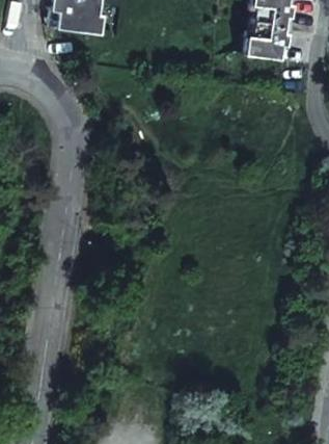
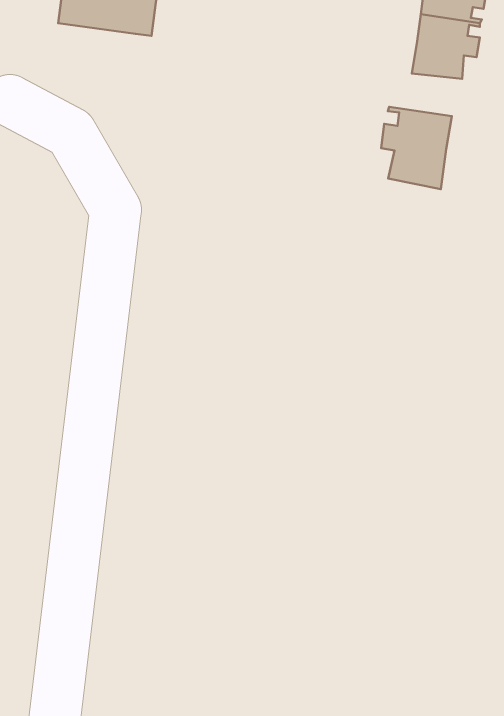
building: none -> [381,107,452,189]

